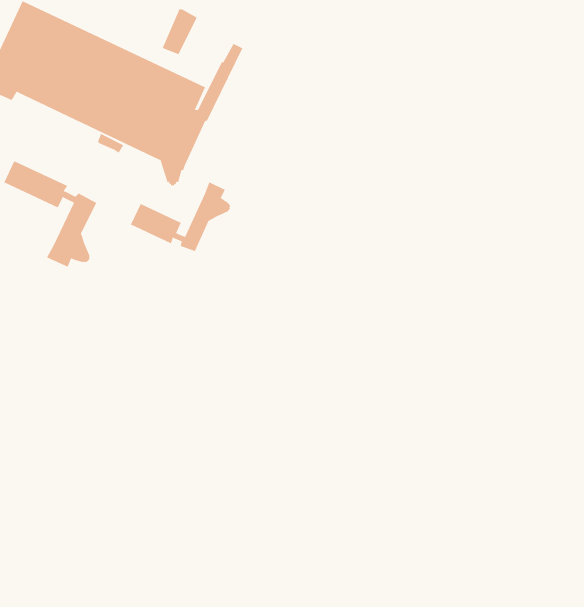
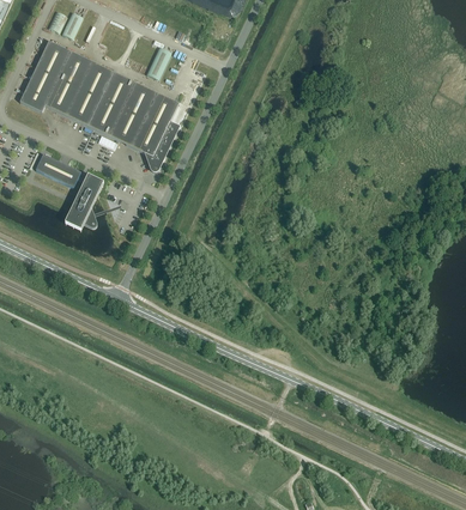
building: [130,182,230,252] -> none

